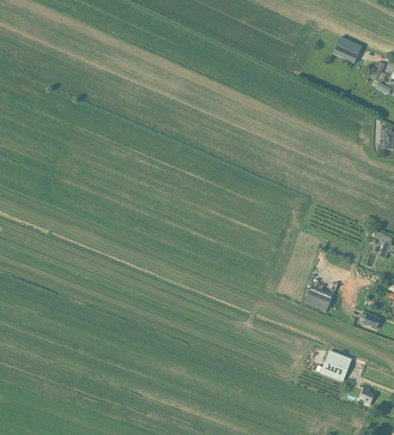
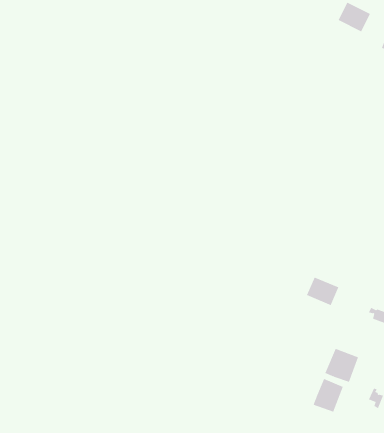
building: none -> [313,378,343,412]

